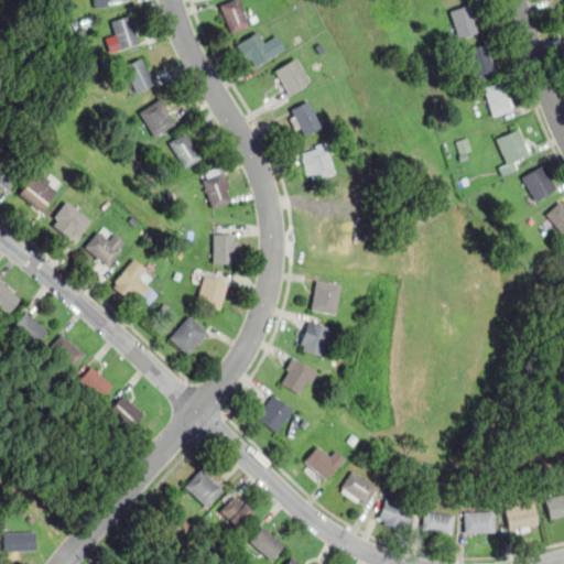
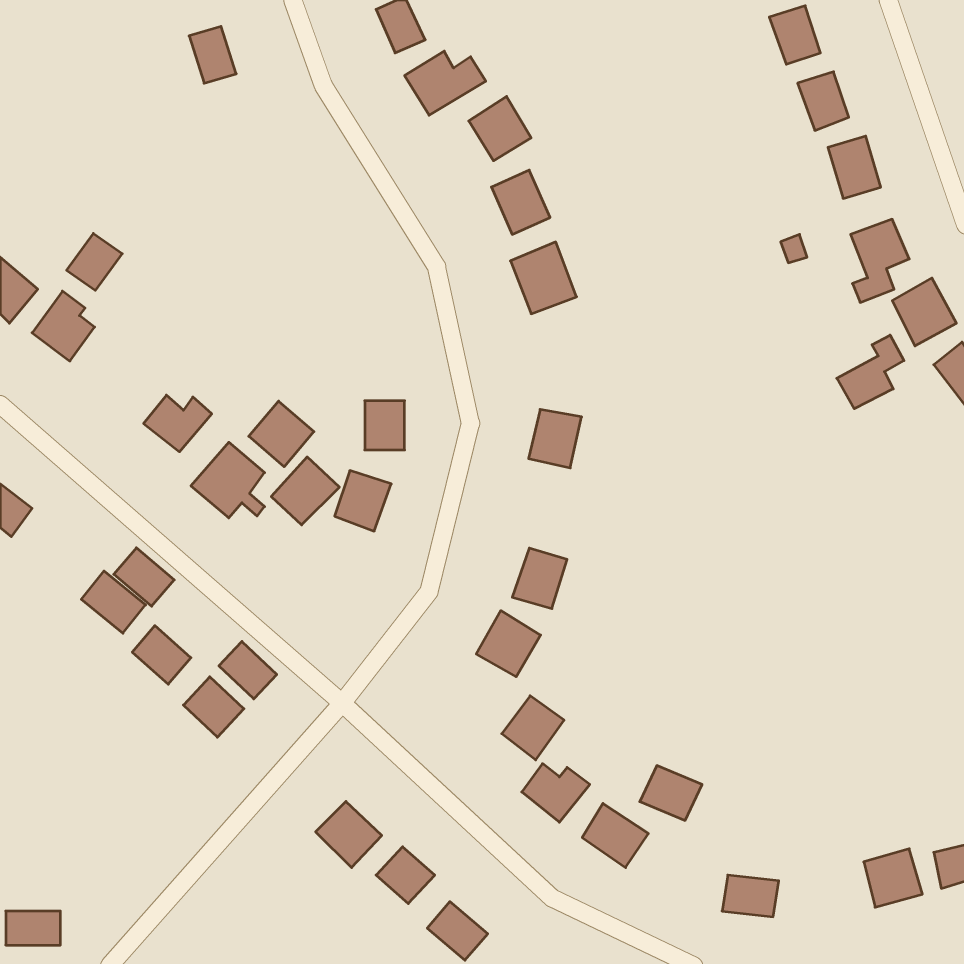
building: [123,57,154,93] -> none
building: [140,100,174,137] -> none
building: [170,132,202,169] -> none
building: none -> [67,233,122,290]
building: [200,169,234,208] -> none
building: none -> [837,335,904,409]
building: [50,202,91,242] -> none
building: none -> [249,401,314,467]
building: [311,281,341,315] -> [529,409,582,468]
building: [13,312,48,346] -> [114,548,174,606]
building: [170,315,209,355] -> [271,457,339,525]
building: none -> [219,641,277,699]
building: [257,395,293,433] -> [502,696,564,760]
building: [377,500,413,532] -> [640,766,702,820]
building: [465,511,495,533] -> none

